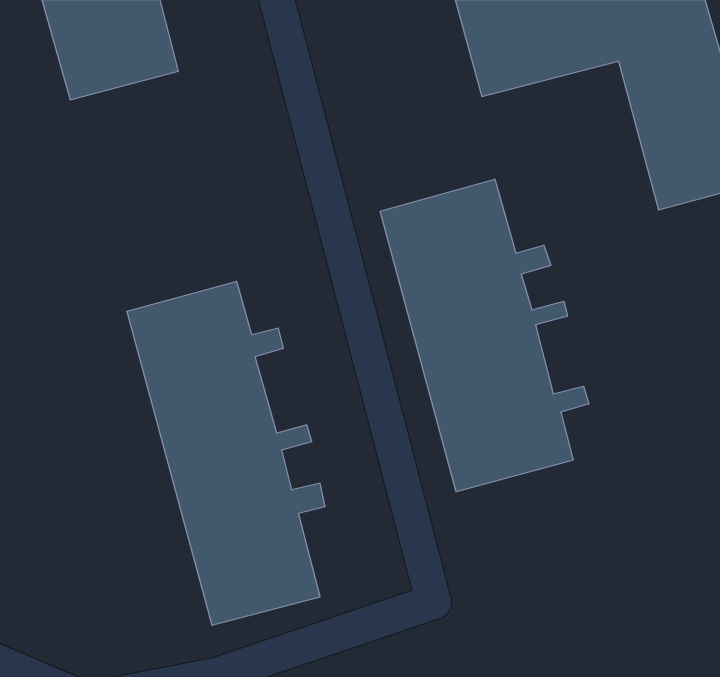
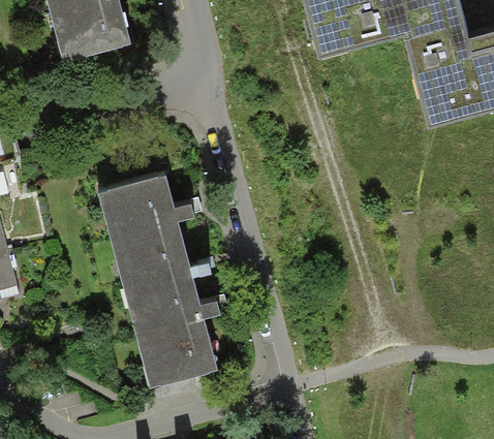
building: [380,179,589,492] -> none

